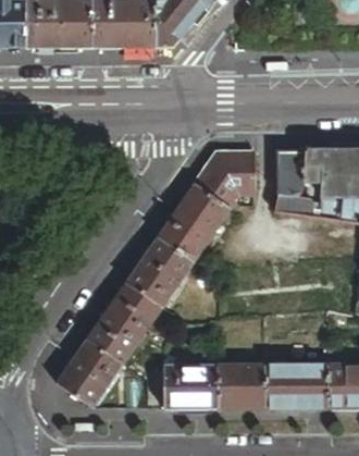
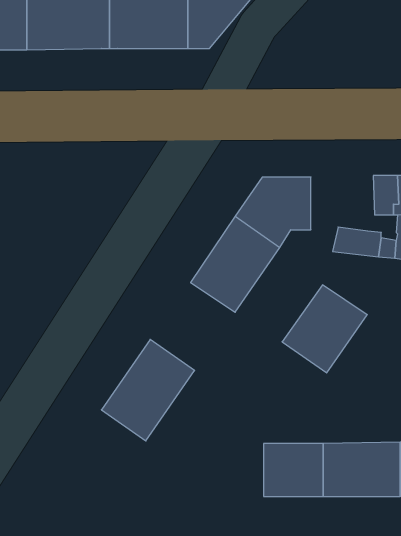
building: [277,149,307,194] -> none
building: [126,235,195,306] -> [282,285,367,373]
building: [57,337,123,407] -> none
building: [164,365,218,407] -> none

